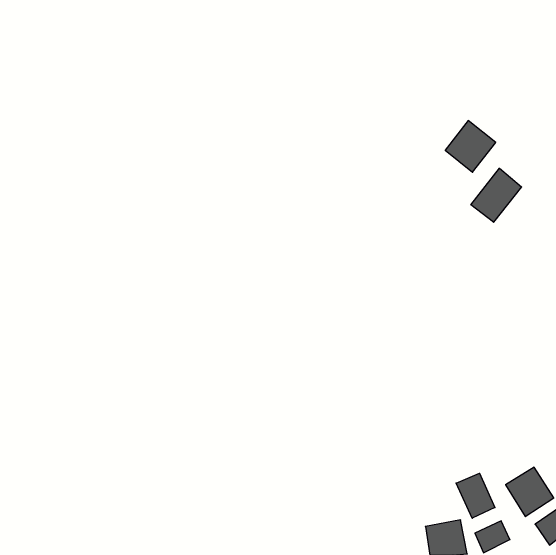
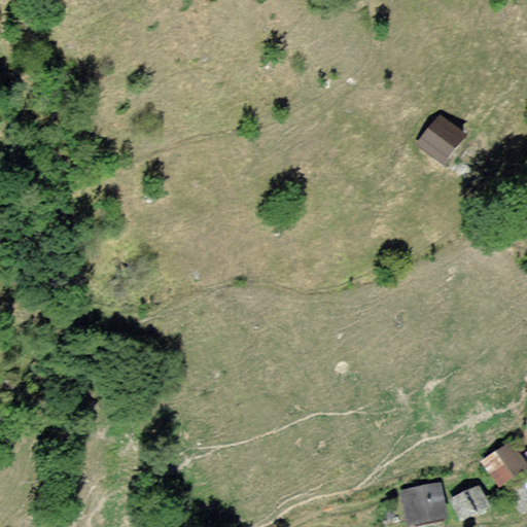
building: [471,168,522,222] -> none
building: [456,473,495,518] -> none

